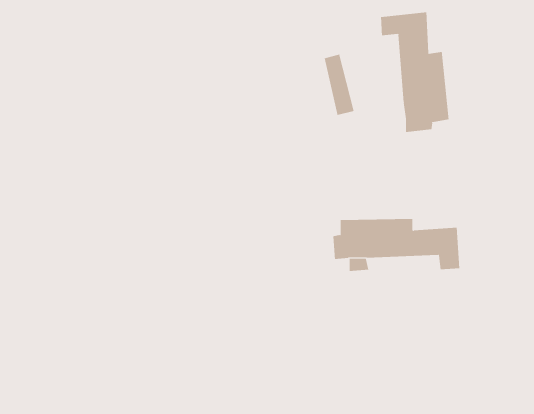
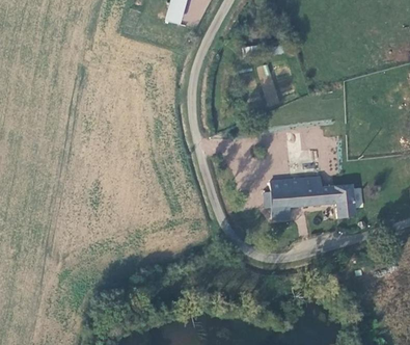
building: [381,12,449,133] -> none

